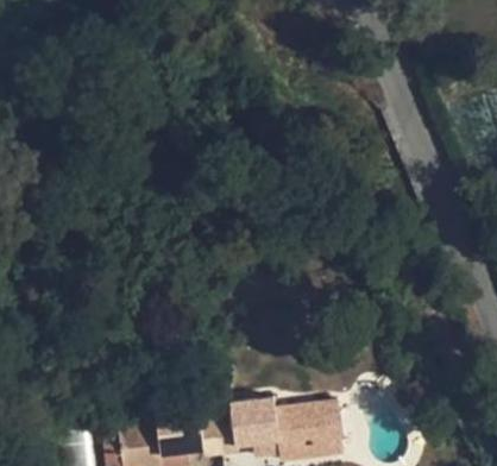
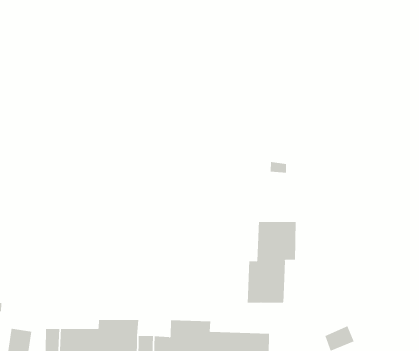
building: none -> [247,221,296,304]

